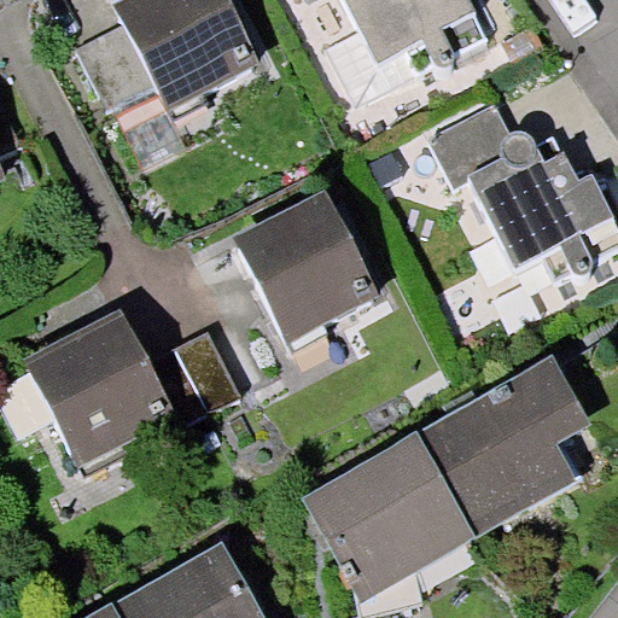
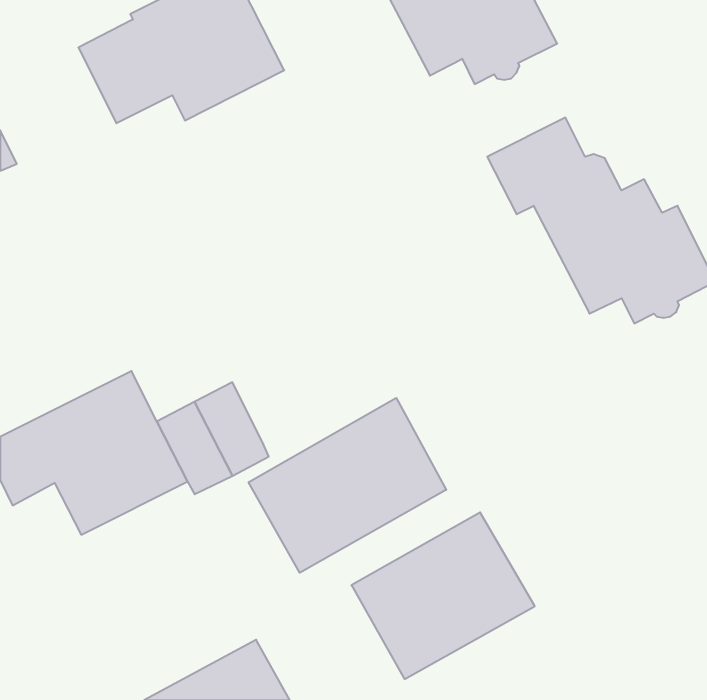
building: [238,200,373,339] -> none
building: none -> [249,398,446,573]
building: [421,363,588,523] -> none

